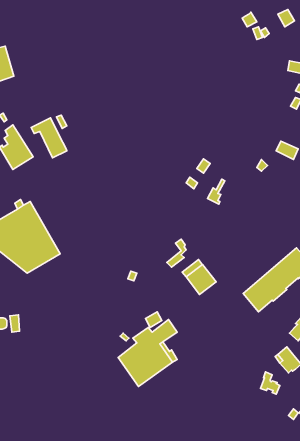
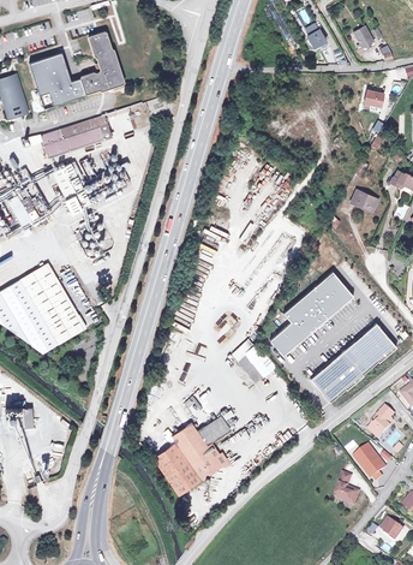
building: none -> [28,29,122,106]
building: none -> [41,112,110,155]
building: none -> [269,270,353,355]

